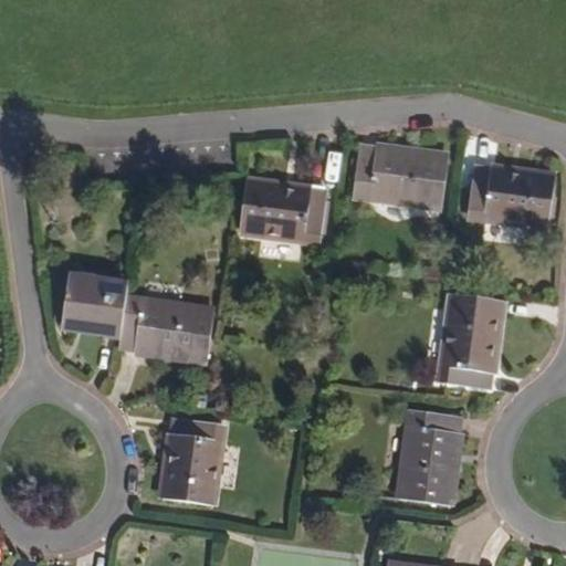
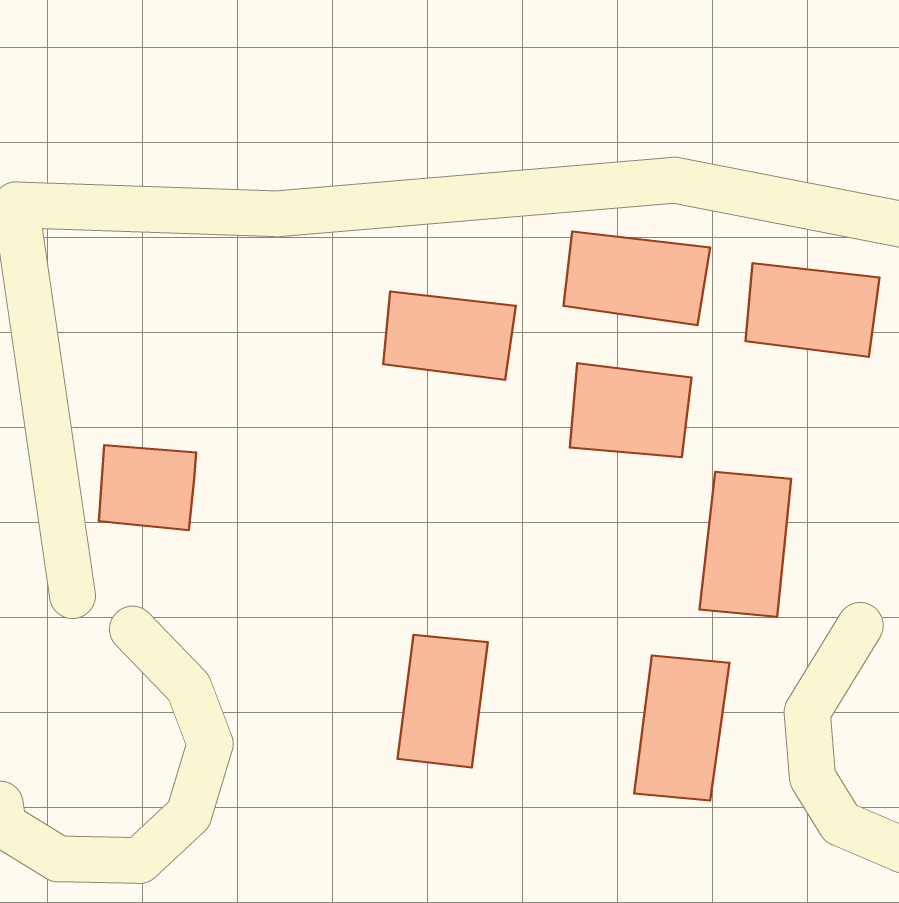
building: none -> [570,363,691,457]
building: [119,300,213,356] -> none
building: [163,418,219,501] -> [398,635,488,768]

